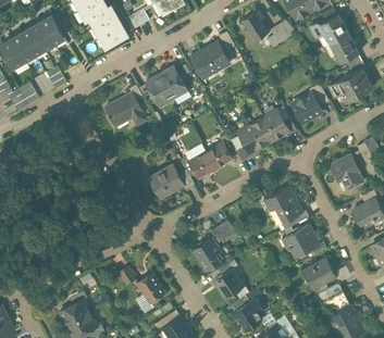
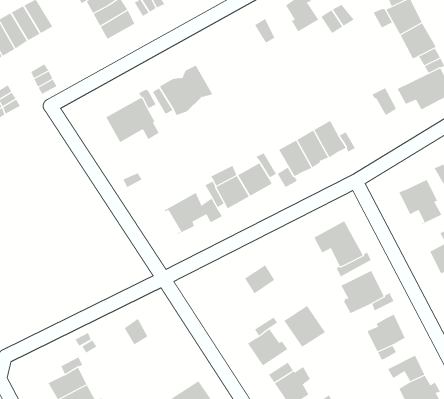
building: [189,42,230,79] -> none
building: [293,93,321,123] -> none
building: [191,238,224,271] -> [284,305,326,348]
building: [136,273,164,302] -> none

